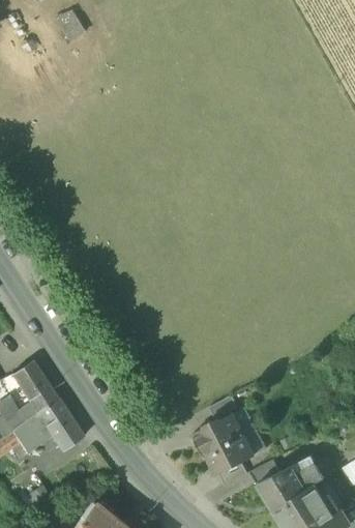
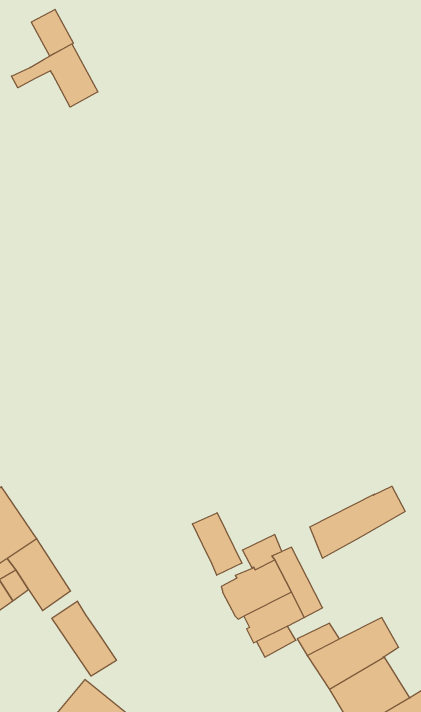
building: none -> [11,44,98,107]
building: none -> [310,486,405,558]
building: none -> [192,513,242,575]
building: none -> [52,601,116,676]

